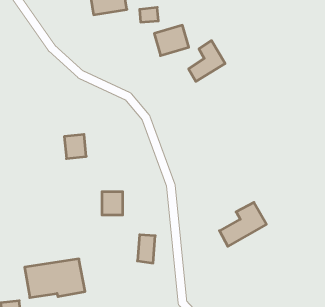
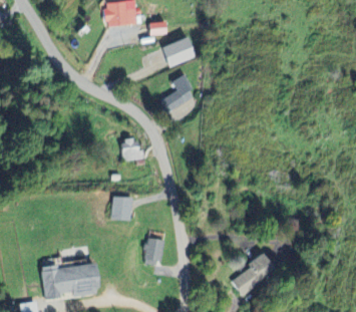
building: [189,41,225,81] -> [159,73,195,112]
building: [64,134,86,159] -> [122,137,143,161]
building: [219,202,266,246] -> [231,253,276,295]

